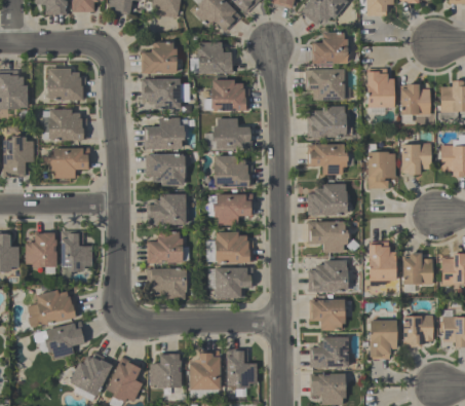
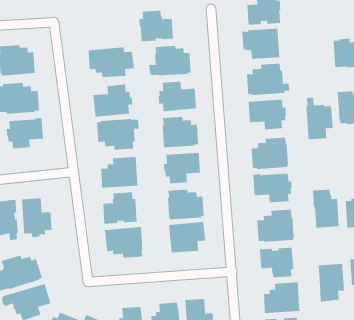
building: [141,42,178,73] -> none
building: [366,68,394,108] -> none

